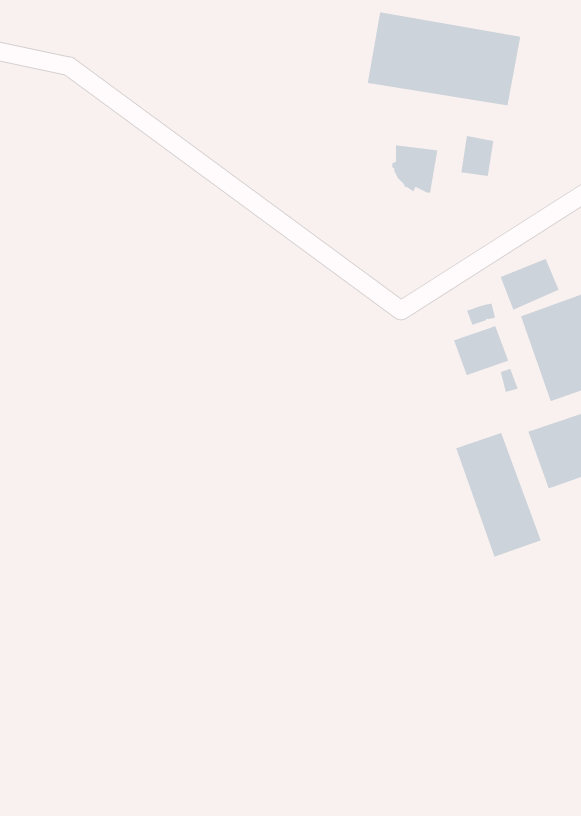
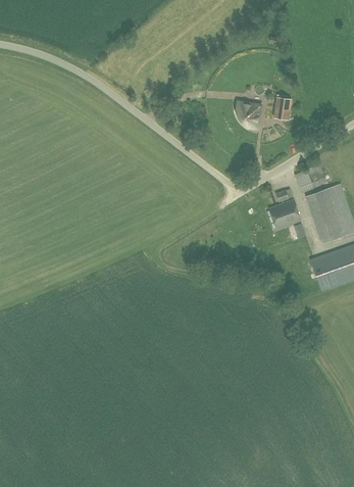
building: [367,11,521,106] -> none
building: [455,432,541,558] -> none

